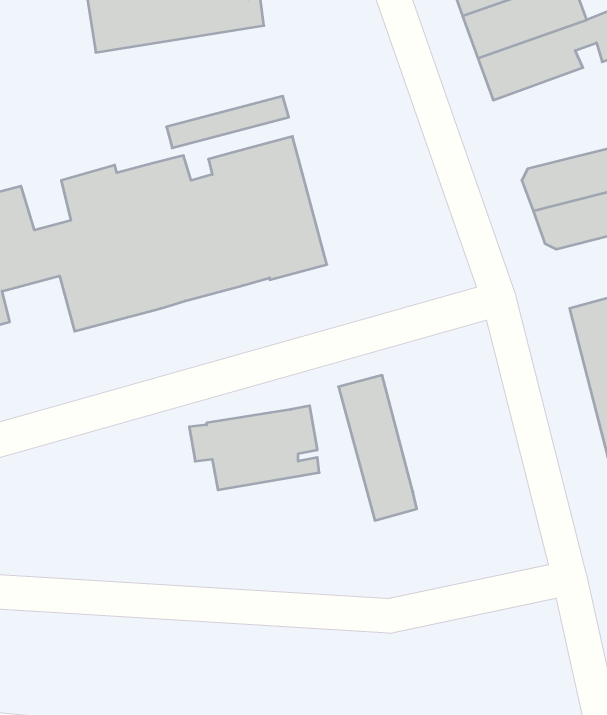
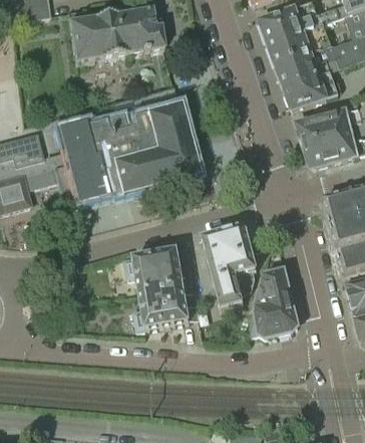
building: none -> [284,69,339,108]
building: none -> [226,227,257,292]
building: none -> [255,269,298,336]
building: none -> [133,282,199,327]

